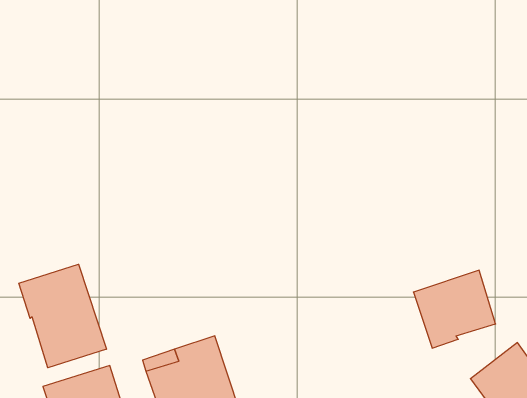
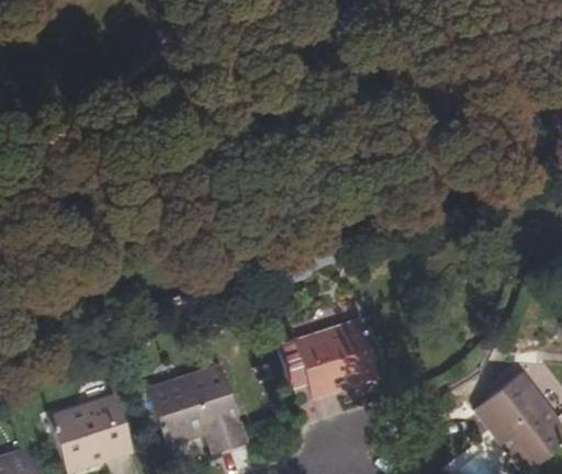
building: [19,264,106,368] -> none
building: [413,270,496,348] -> [294,319,376,397]

